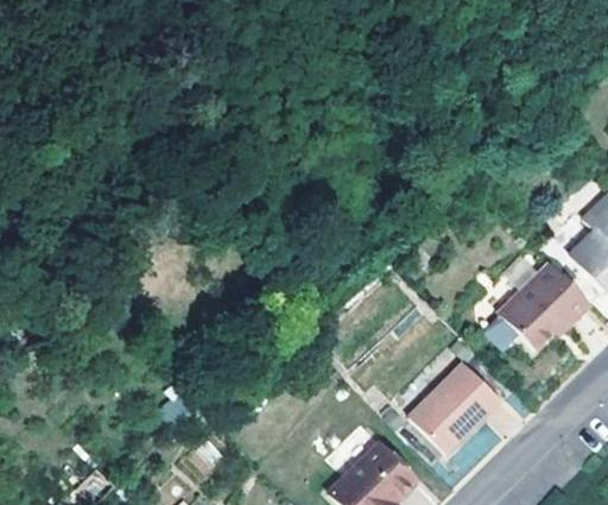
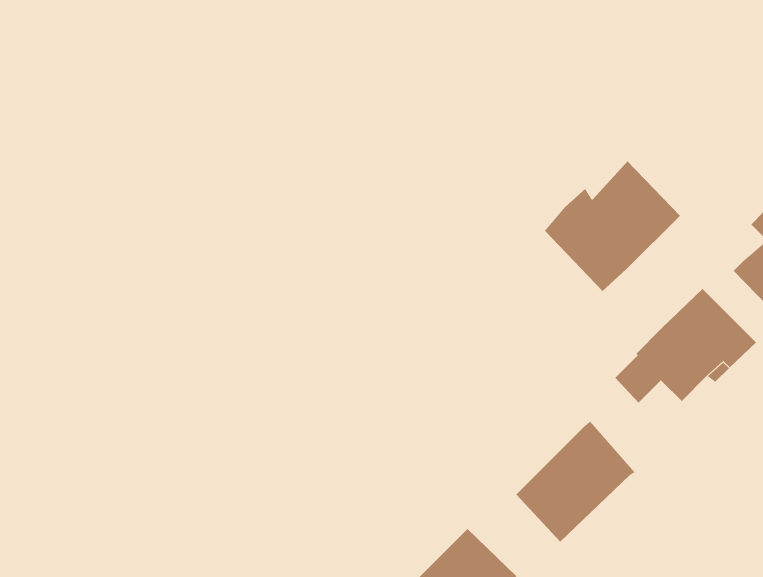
building: none -> [544,160,681,292]

